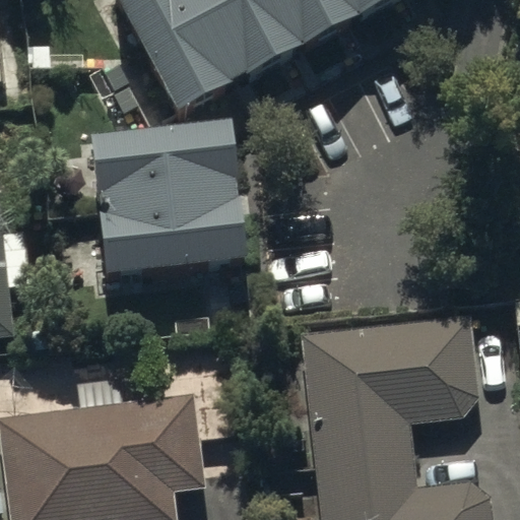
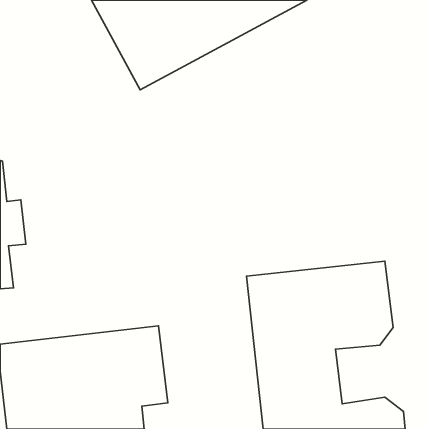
building: [86,117,243,270] -> none

